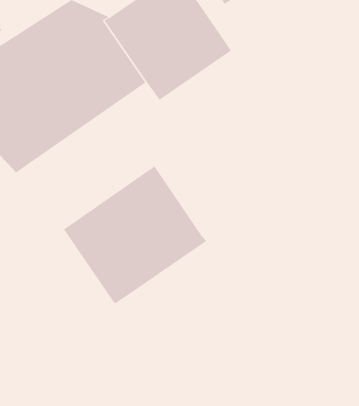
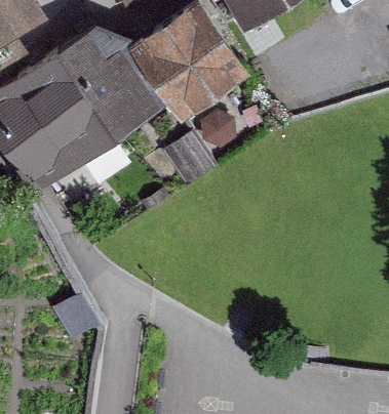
building: [63,166,207,305] -> none

